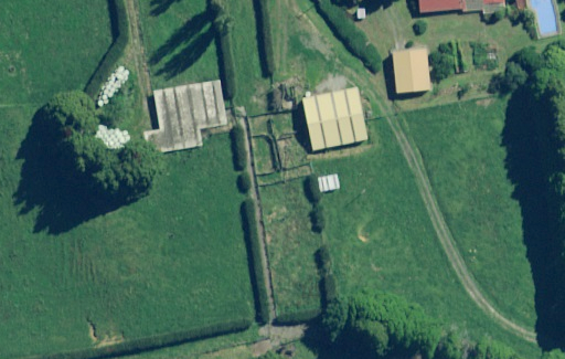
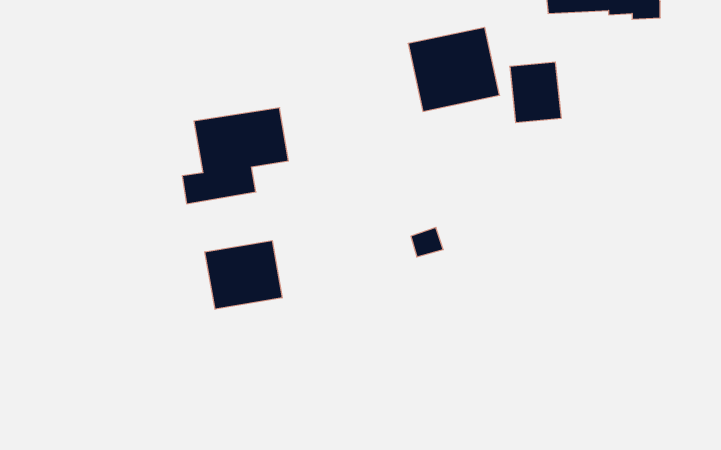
building: [299,87,367,150] -> [408,27,500,111]
building: none -> [205,241,282,309]

